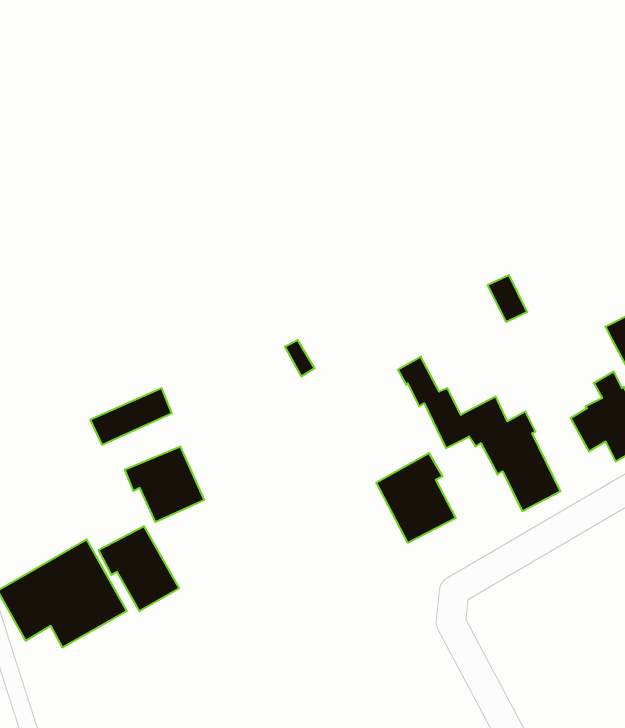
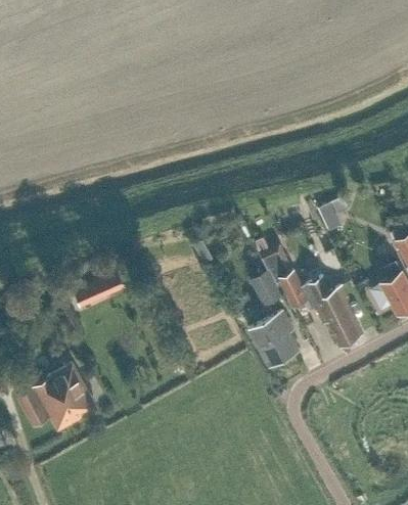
building: none -> [251,271,282,306]
building: [125,446,204,522] -> none
building: [98,526,179,611] -> none

